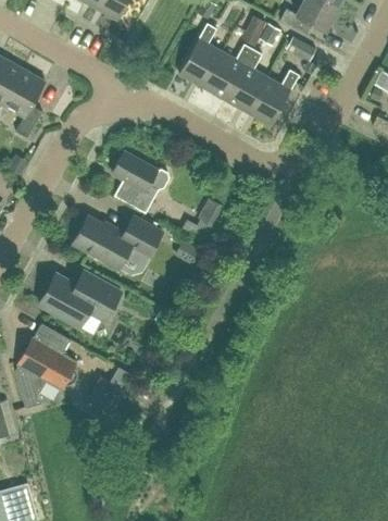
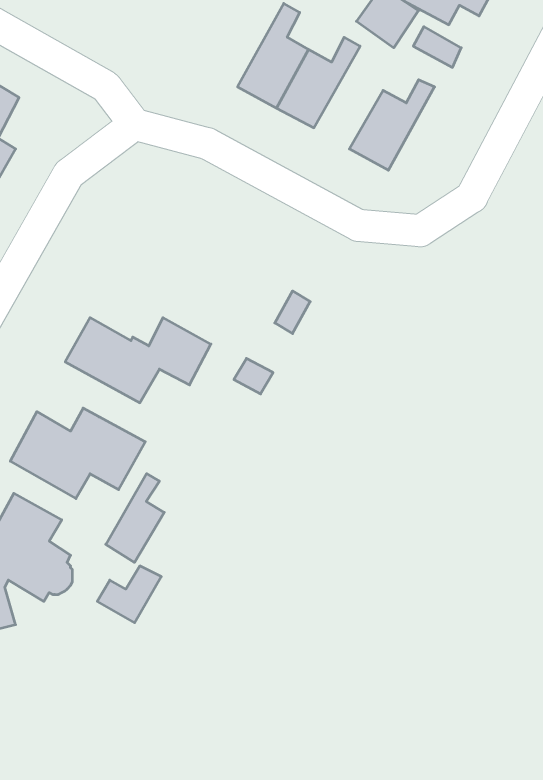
building: [225,49,267,112] -> none
building: [112,151,170,213] -> none
building: none -> [106,474,164,562]

